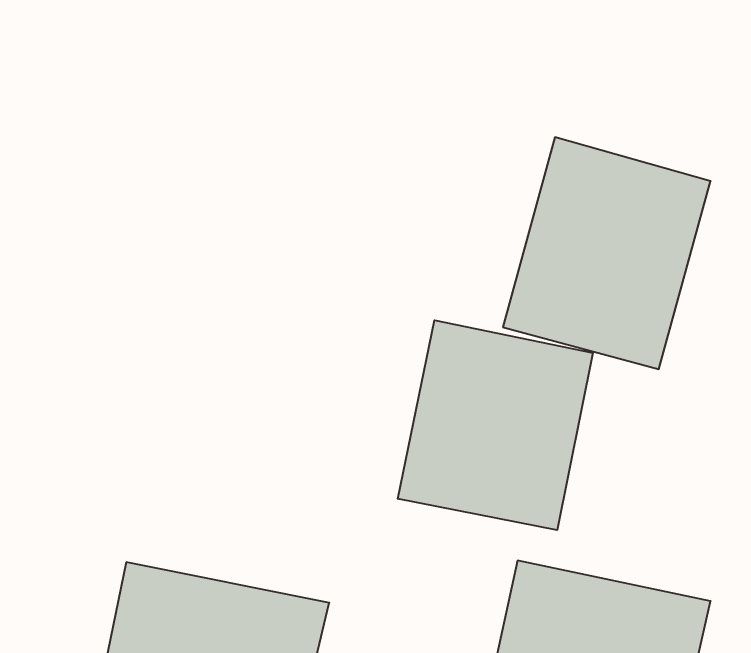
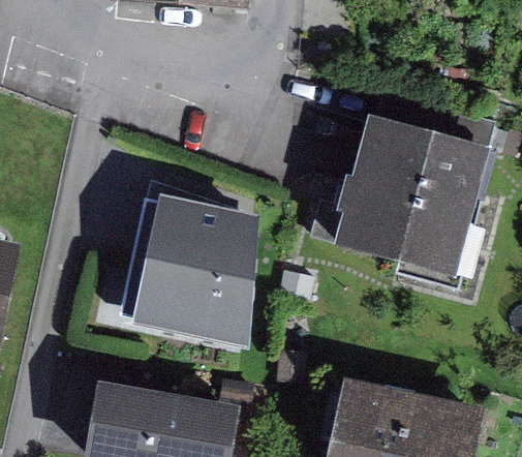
building: none -> [128,205,246,345]
building: [398,320,593,530] -> none

